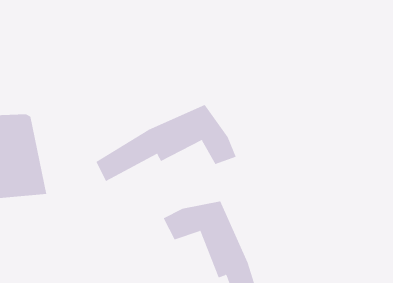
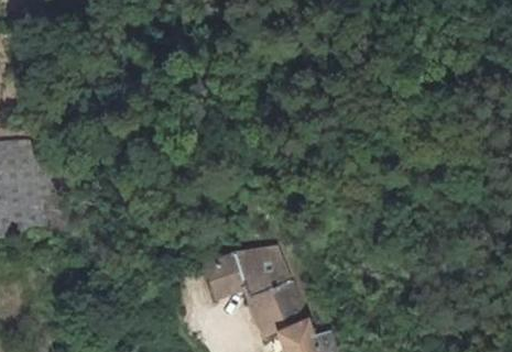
building: [95,104,236,182] -> none

